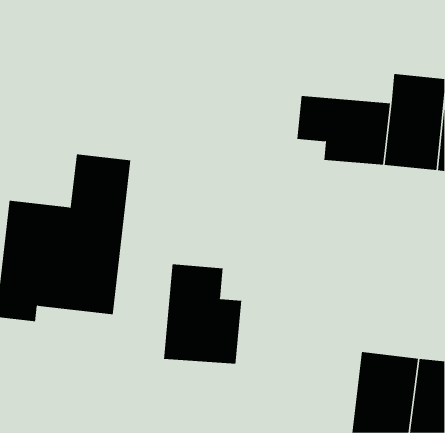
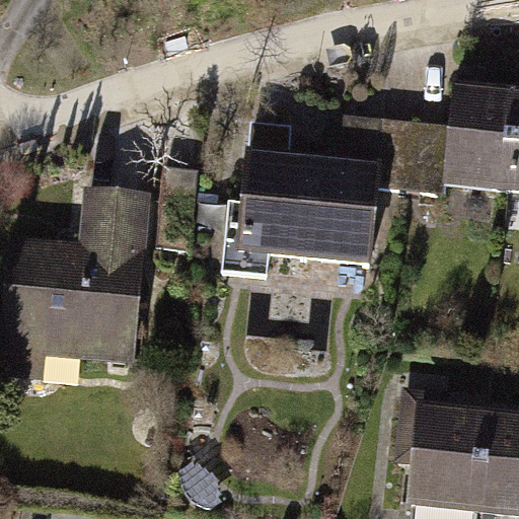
building: none -> [236,153,377,279]
building: [163,264,242,365] -> none

